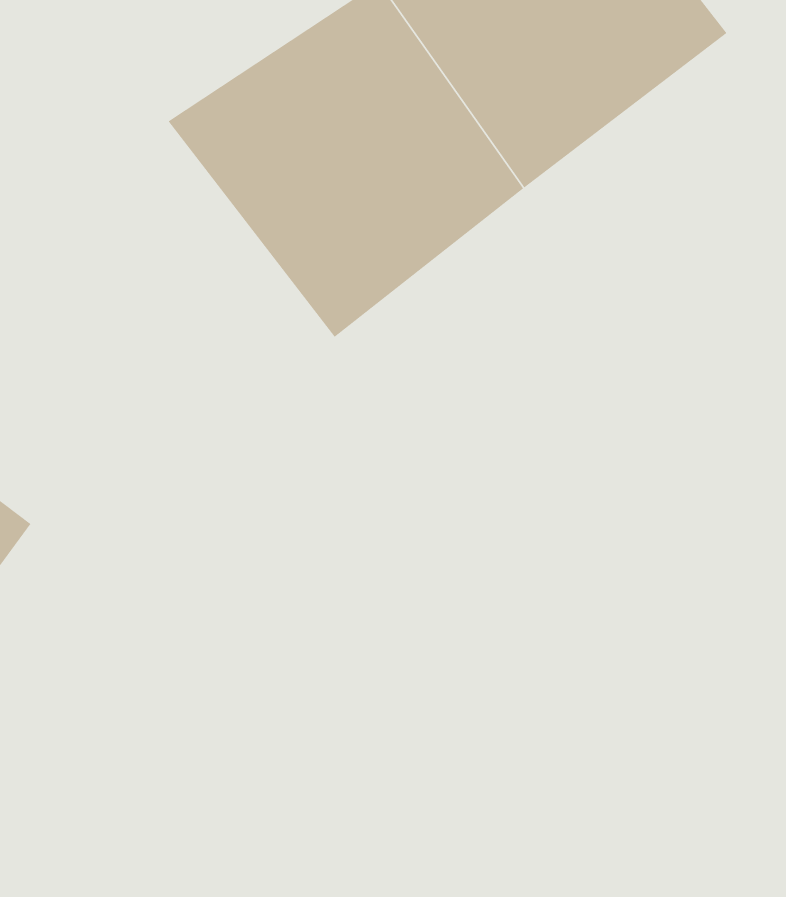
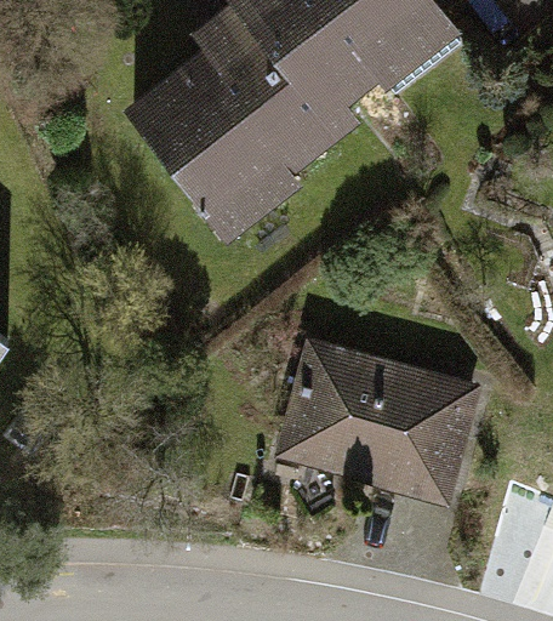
building: none -> [275,340,488,505]

